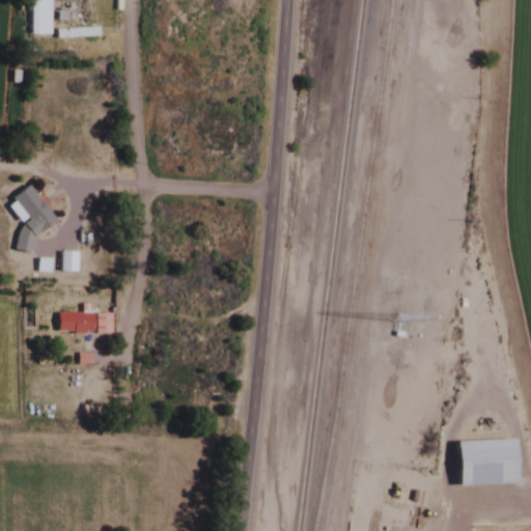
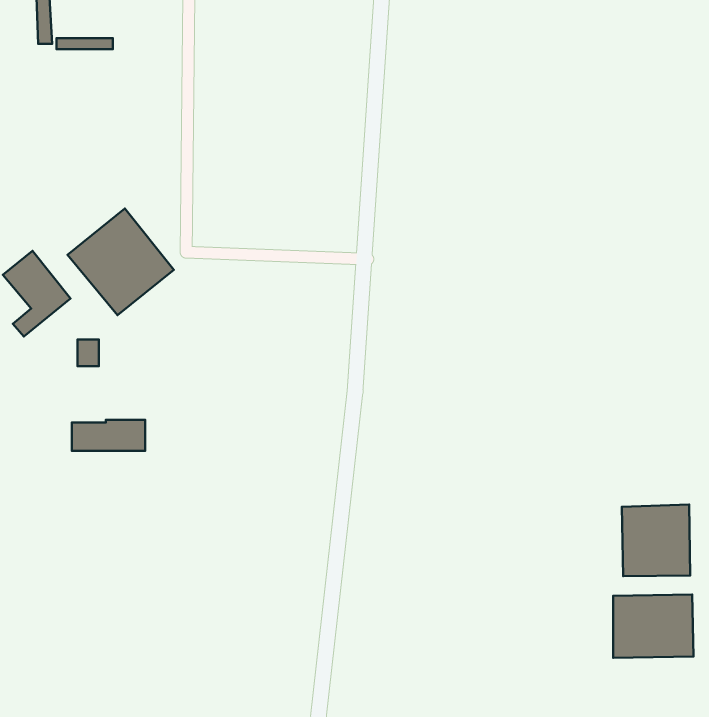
building: none -> [67,209,174,315]
building: none -> [622,505,690,576]

